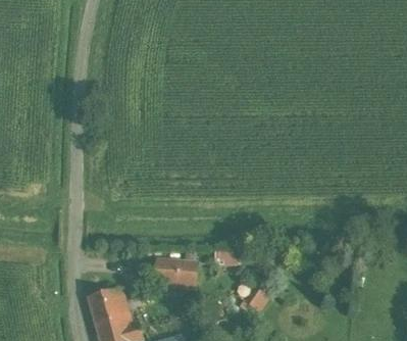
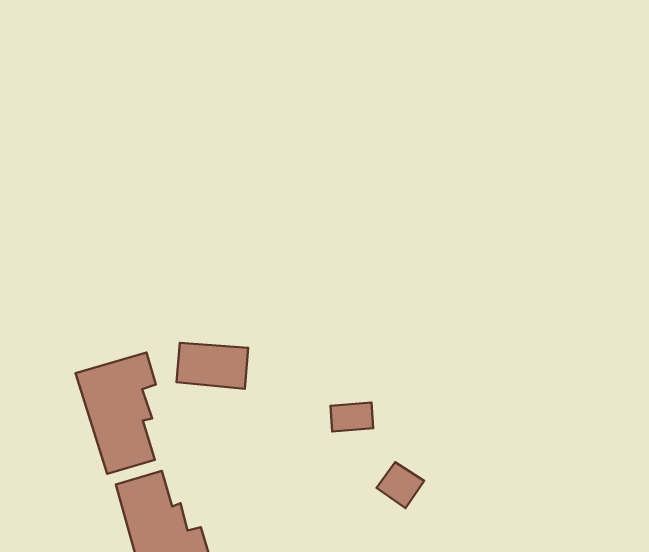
building: none -> [76,353,156,474]
building: [154,257,197,285] -> [177,343,248,389]

